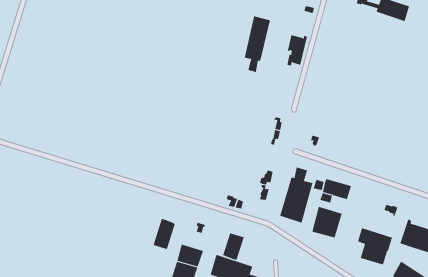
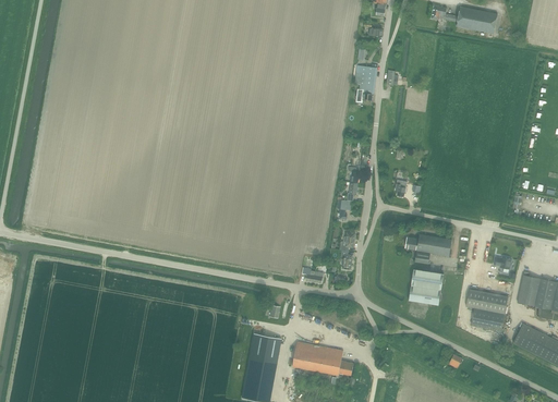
building: [244,15,271,73] -> none
building: [280,167,313,223] -> none
building: [153,218,176,250] -> none
building: [223,233,244,261] -> none

